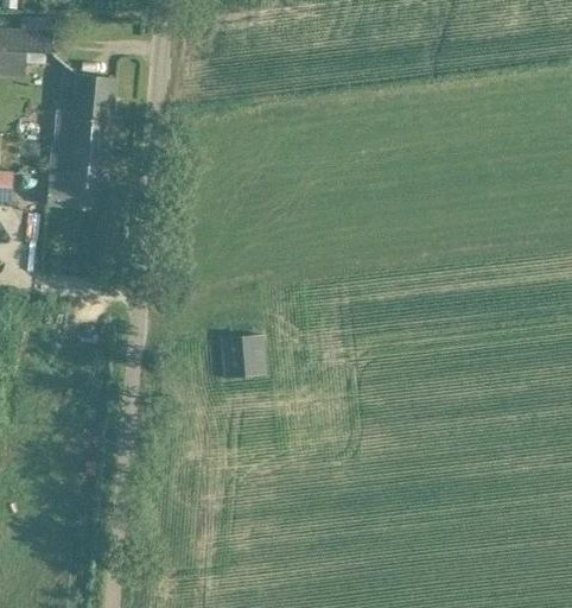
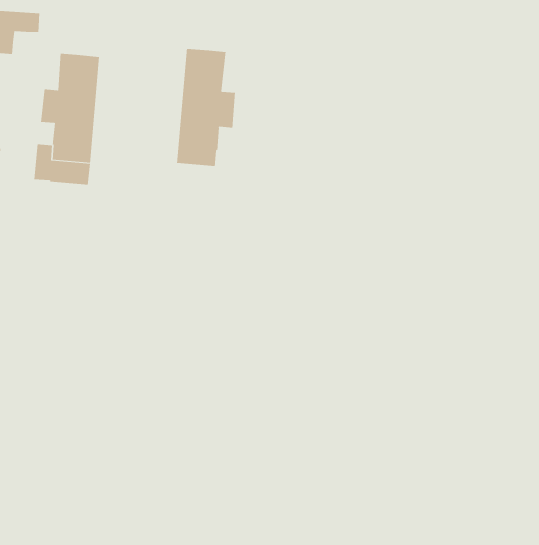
building: none -> [177,48,236,167]
building: [221,335,263,378] -> none

